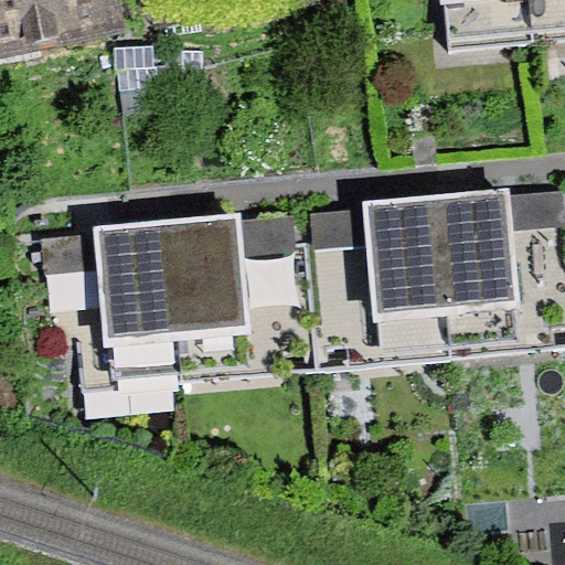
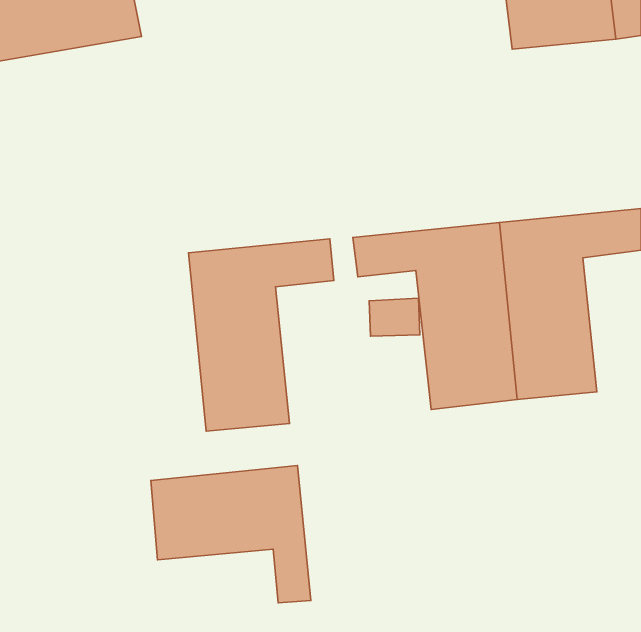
building: [39,221,180,384] -> none
building: none -> [151,465,311,603]

